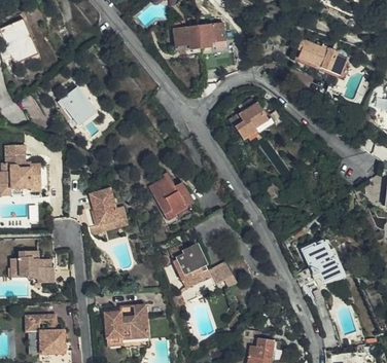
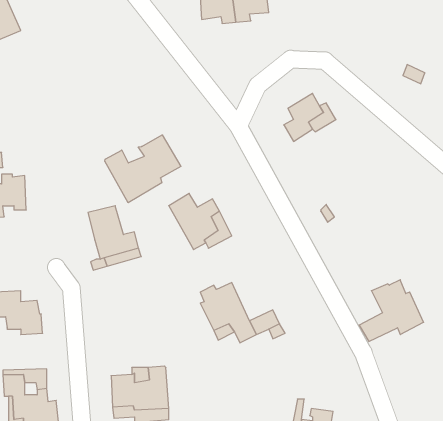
building: [293,36,345,74] -> none
building: [59,88,96,125] -> none
building: none -> [105,135,181,203]

